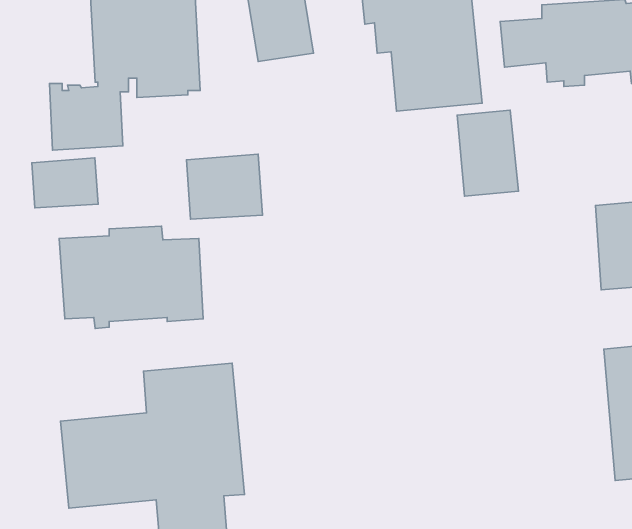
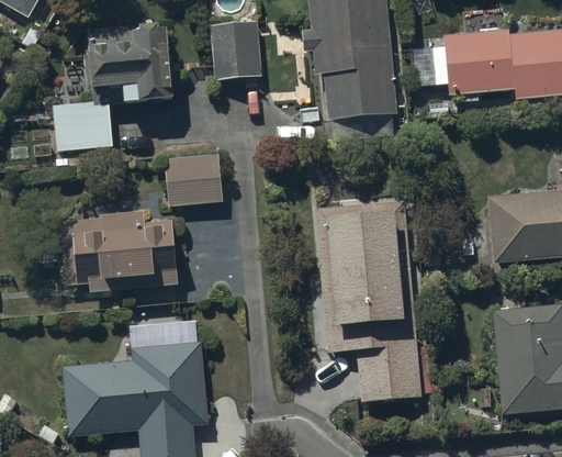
building: [457,110,518,196] -> none
building: [32,158,98,208] -> none
building: none -> [314,198,422,400]

